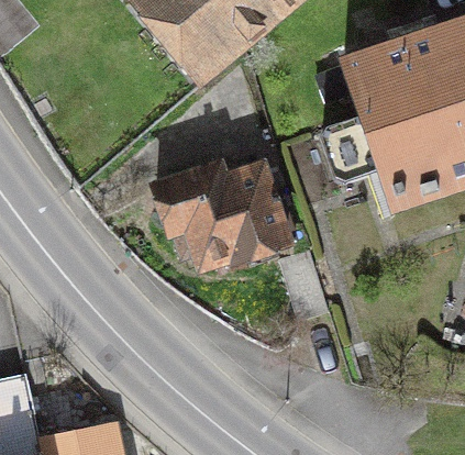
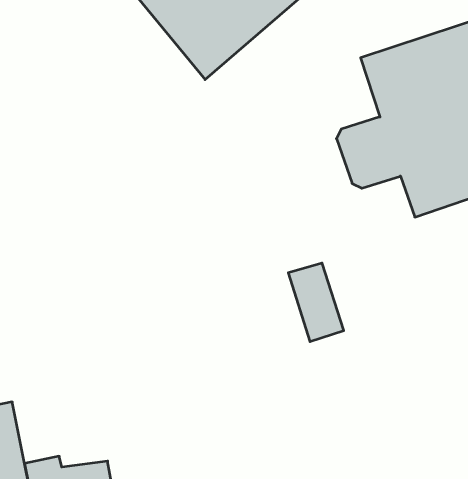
building: [155,164,286,265] -> none

